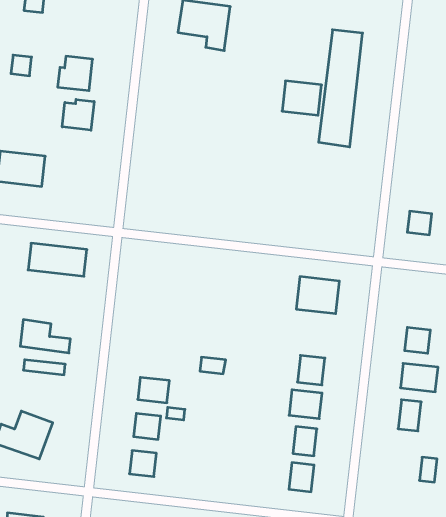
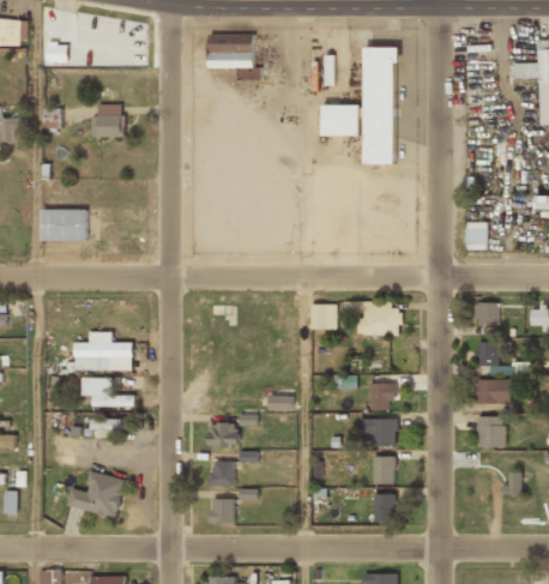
building: [62,99,94,130] -> none
building: [28,243,87,276] -> [74,343,132,371]
building: none -> [309,305,336,330]
building: none -> [475,302,497,326]

